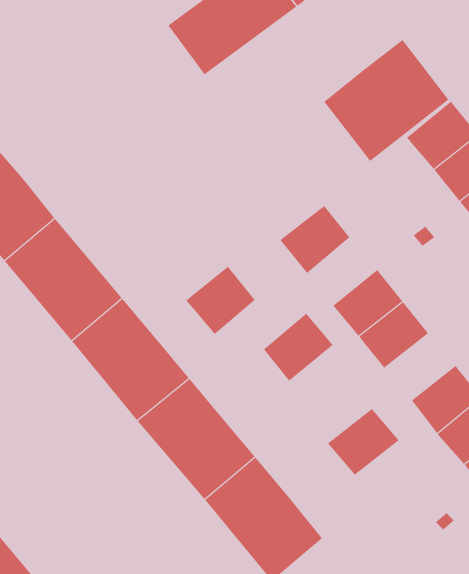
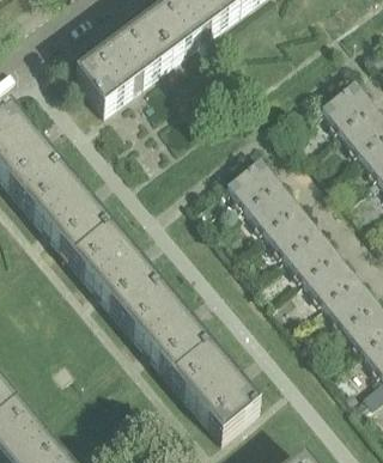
building: none -> [72,19,168,106]
building: [323,39,449,162] -> none
building: [186,266,256,335] -> none
building: [263,313,334,382] -> [244,177,297,229]
building: [327,408,399,475] -> [302,249,355,299]

